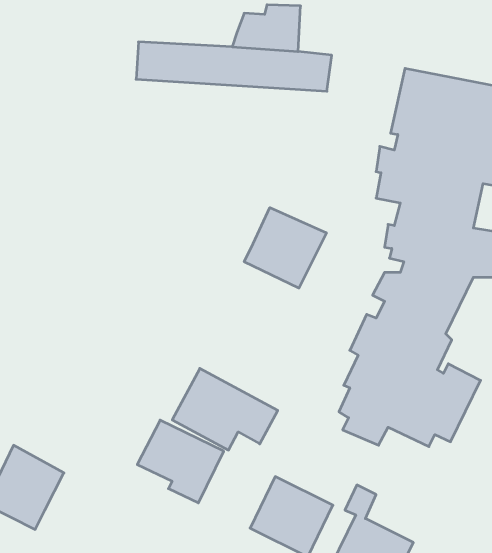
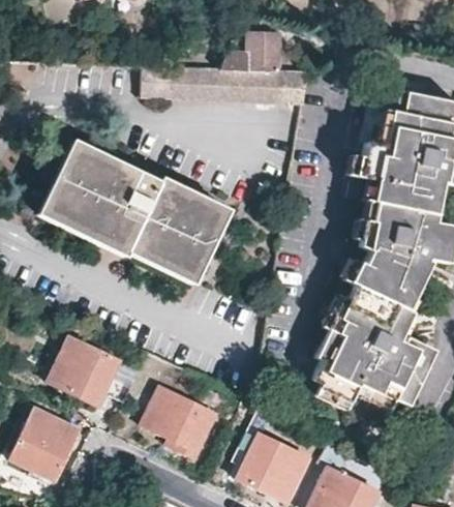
building: none -> [42,144,233,288]
building: [244,208,326,288] -> none
building: [172,368,278,450] -> [50,337,141,408]

